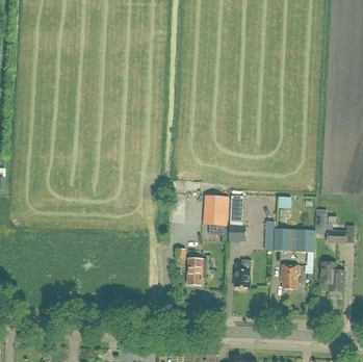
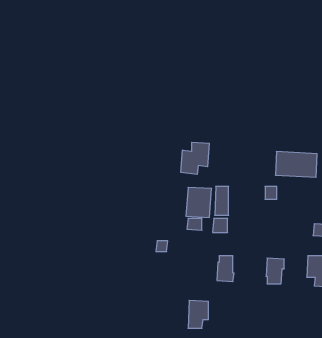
building: none -> [181,142,209,174]
building: [275,228,315,253] -> [275,152,317,177]
building: [187,258,207,285] -> [188,300,208,328]

